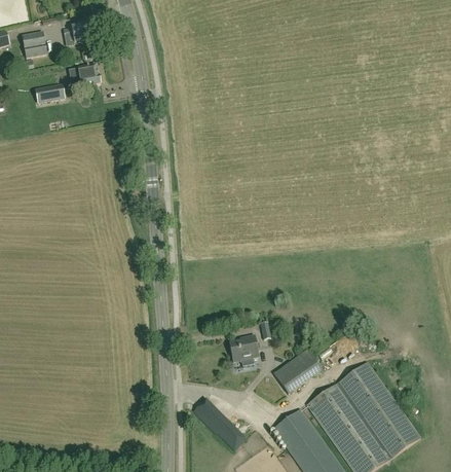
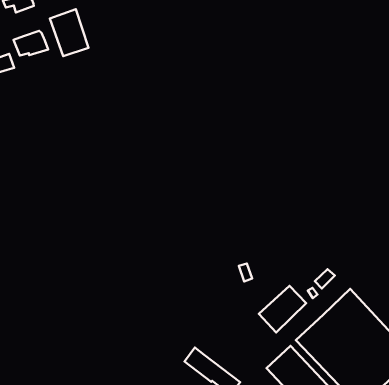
building: none -> [50,9,89,56]
building: [229,335,259,361] -> none

